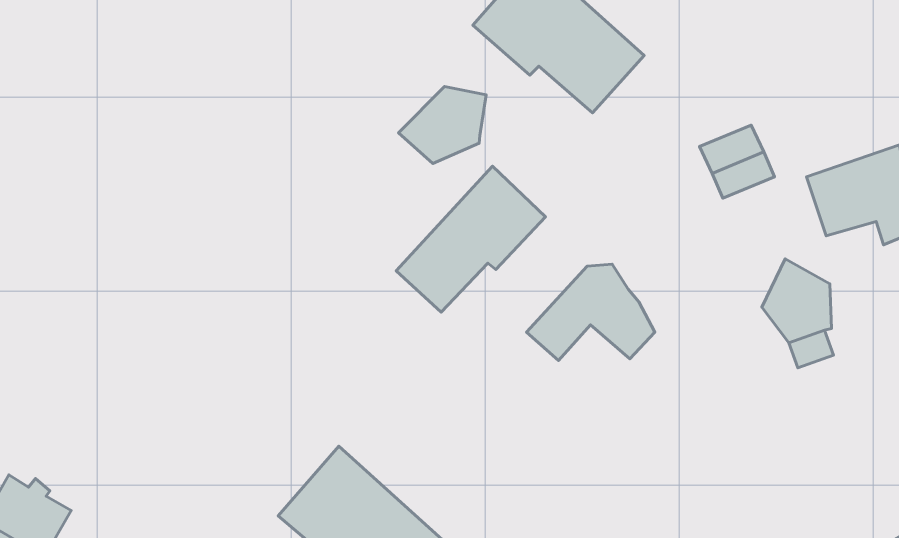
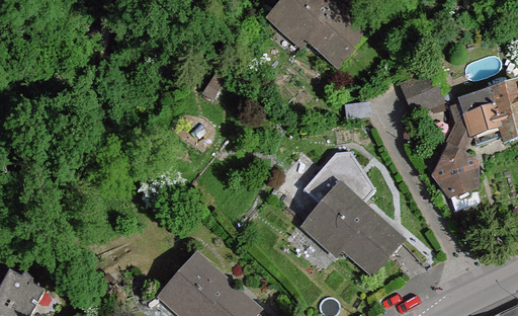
building: [399,87,486,164] -> none
building: [396,166,545,312] -> none
building: none -> [304,185,401,273]

